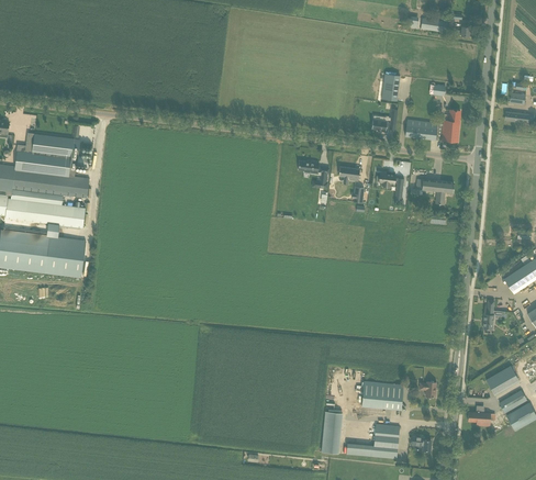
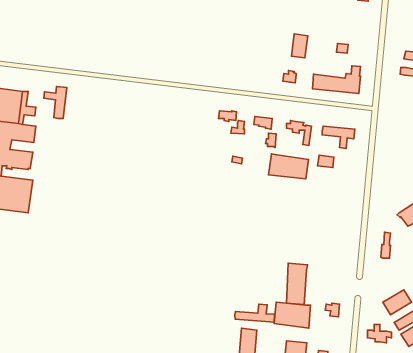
building: none -> [44,86,67,119]
building: none -> [268,154,309,179]
building: none -> [287,263,307,305]
building: none -> [235,304,275,322]

